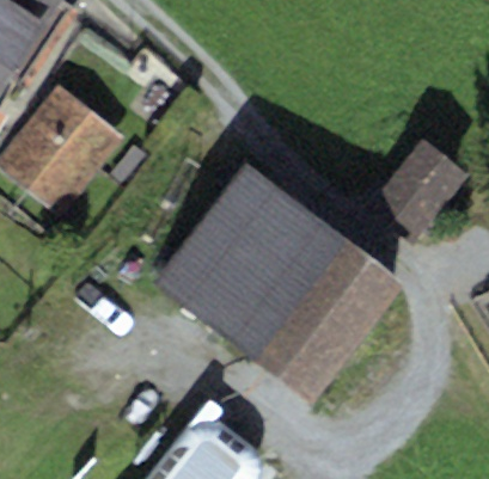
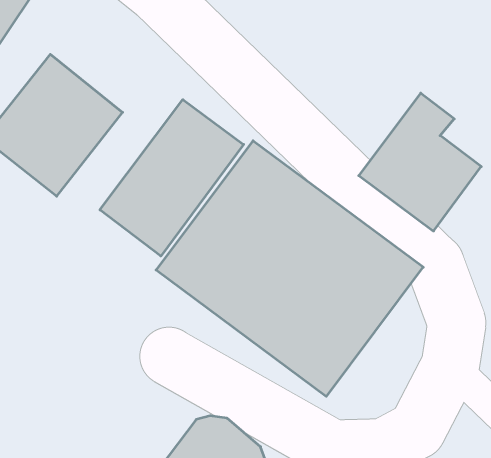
building: none -> [100,100,244,256]

